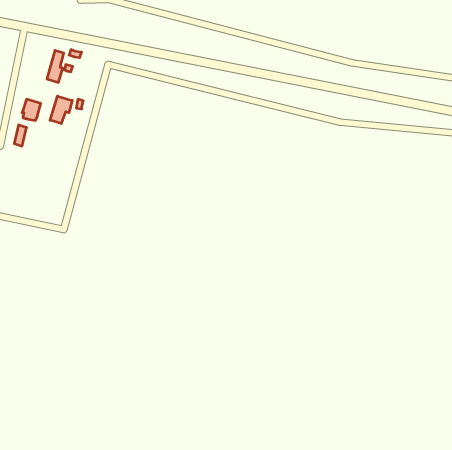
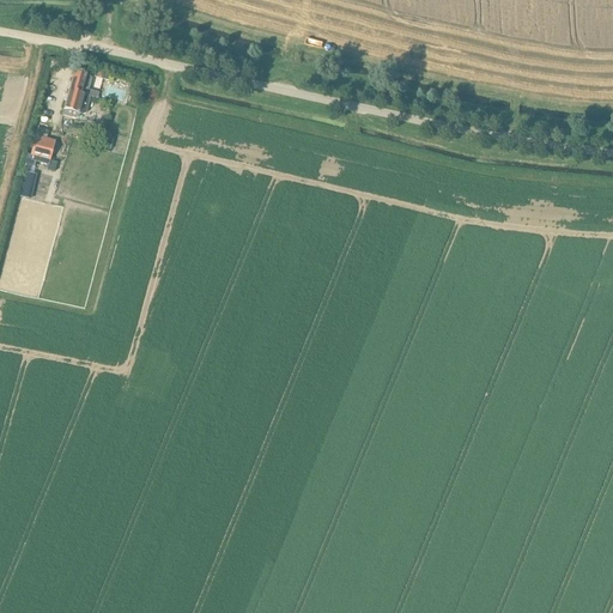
building: [50,96,72,124] -> none

